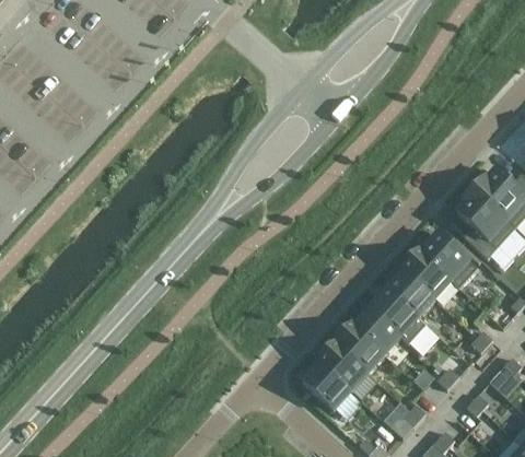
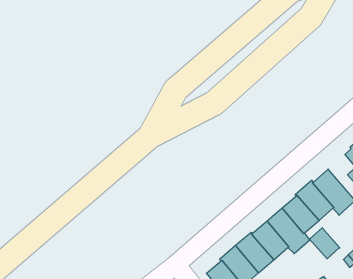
building: none -> [310,228,340,259]

